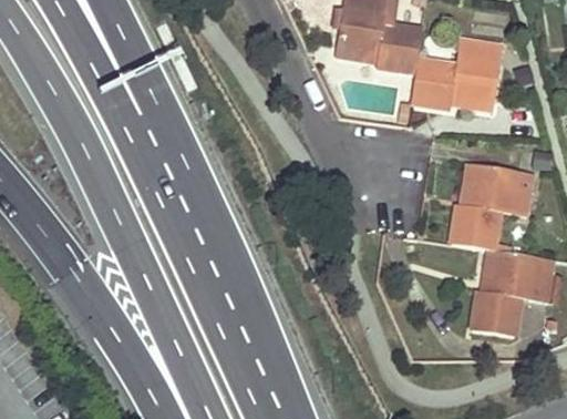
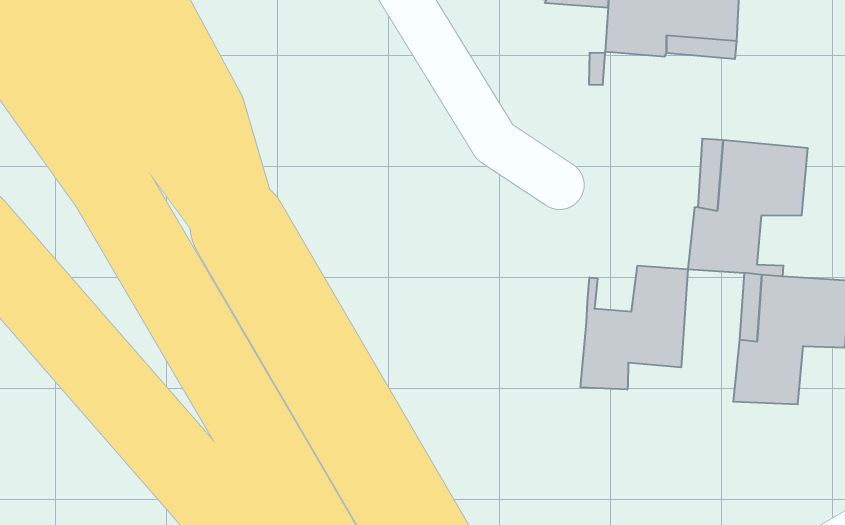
building: none -> [581,266,688,390]

